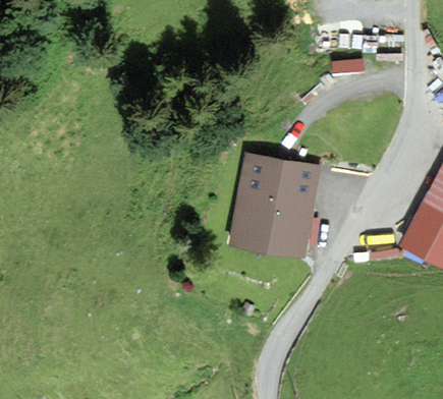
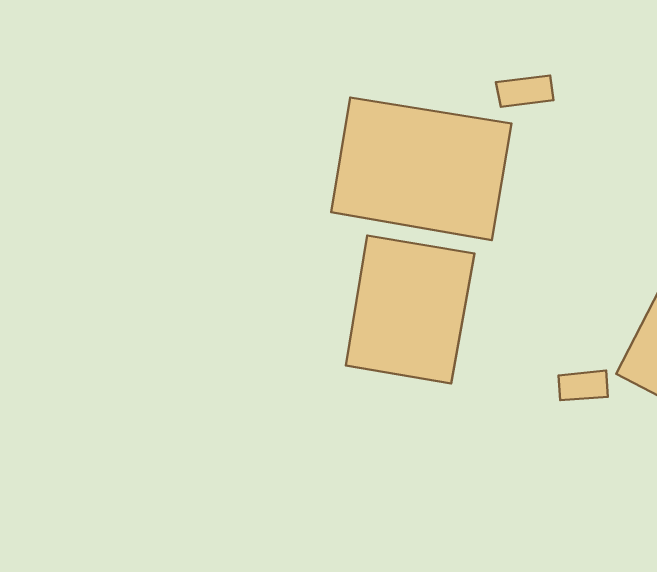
building: none -> [331,97,511,240]

